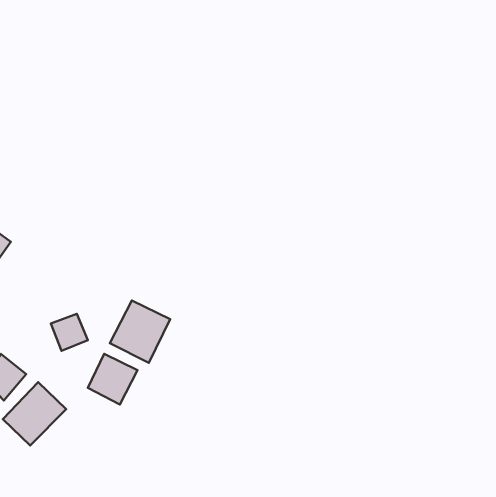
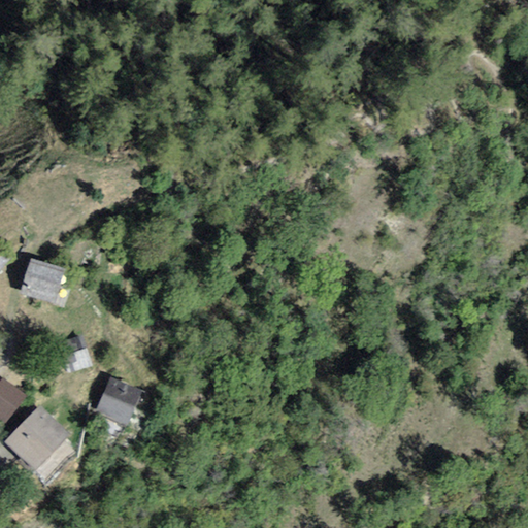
building: none -> [22,261,61,296]
building: [110,300,170,363] -> none

